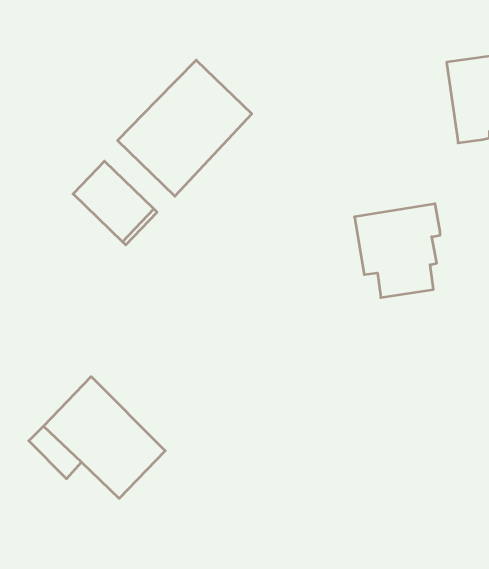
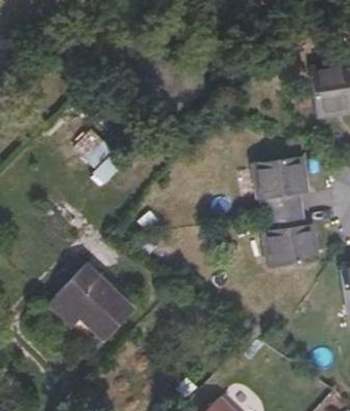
building: [118,60,252,196] -> none
building: none -> [263,210,319,268]

